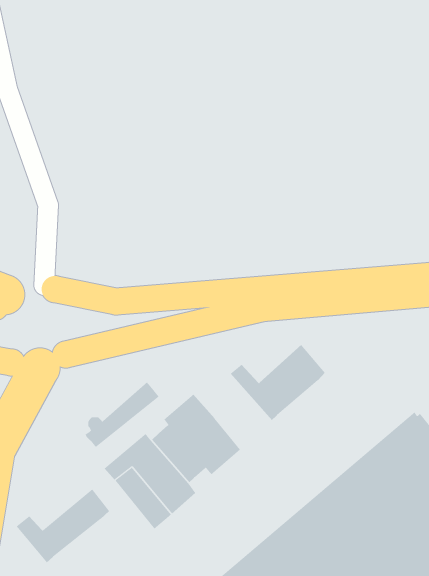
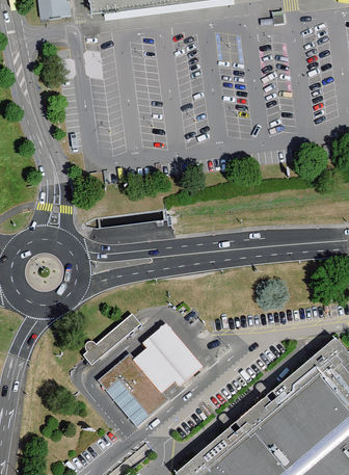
building: [230,344,326,421] -> none
building: [16,489,110,563] -> none

